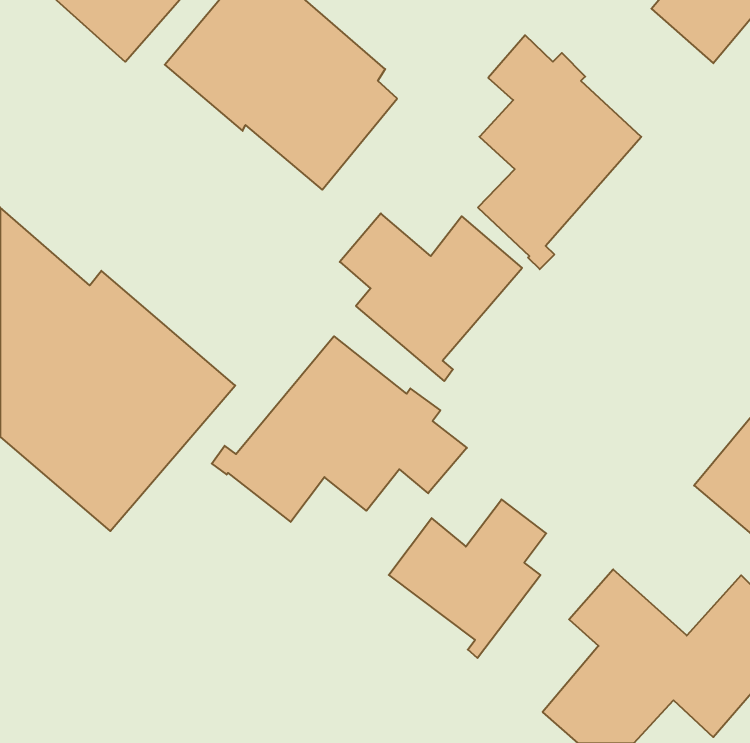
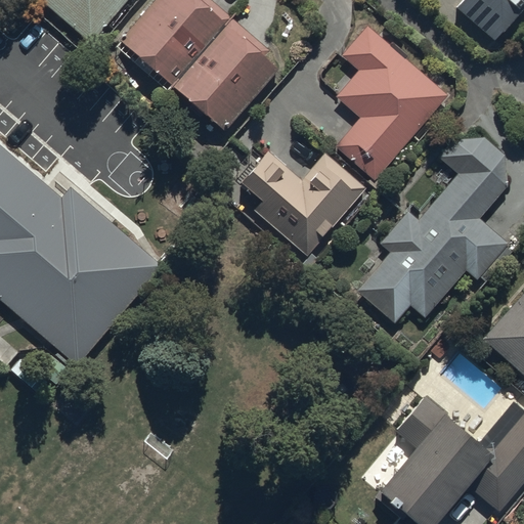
building: none -> [355,122,514,322]
building: [212,336,467,522] -> none
building: [389,499,546,658] -> none

